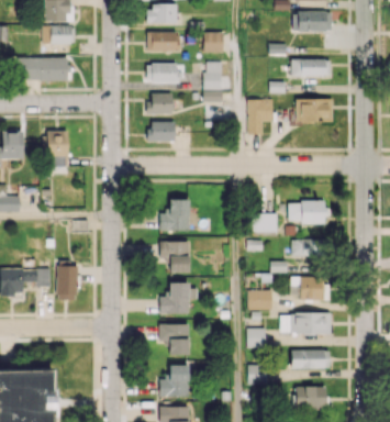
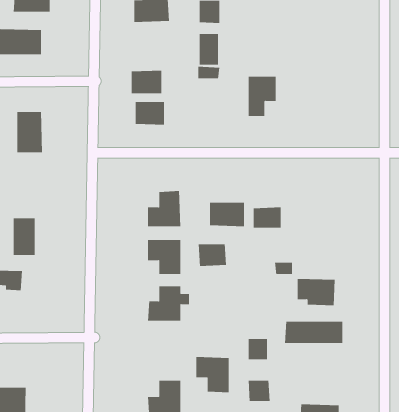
building: [291,58,331,76] -> none
building: [146,64,178,82] -> none
building: [296,98,333,122] -> none
building: [288,201,325,223] -> none
building: none -> [210,202,244,227]
building: [291,238,321,256] -> none
building: [57,266,77,299] -> [13,218,36,256]
building: [247,290,272,310] -> [198,244,227,267]
building: [159,323,189,355] -> [196,357,230,393]
building: [291,349,330,368] -> none

